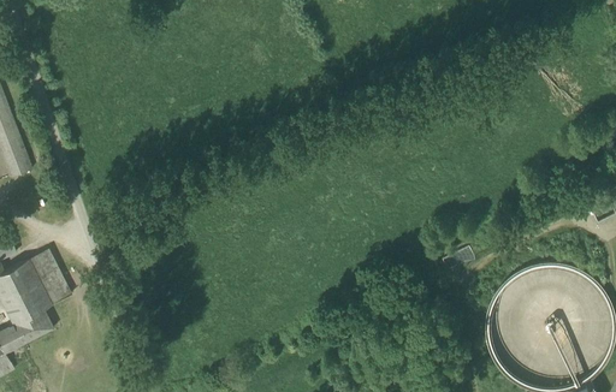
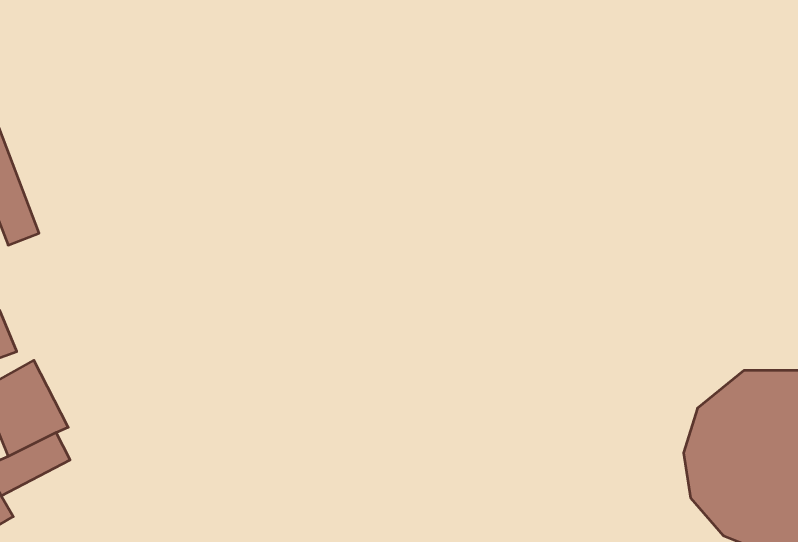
building: [28,249,71,305] -> none

